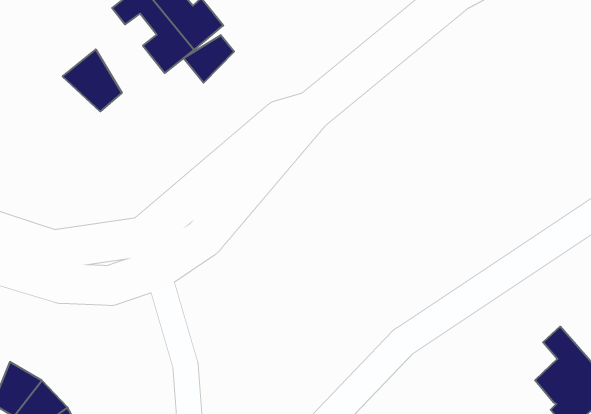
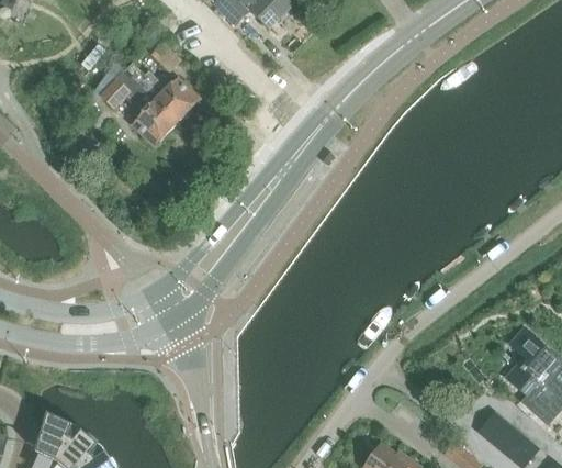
building: [184,35,234,83] -> none
building: [63,49,122,111] -> none

